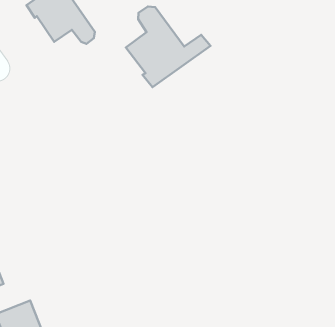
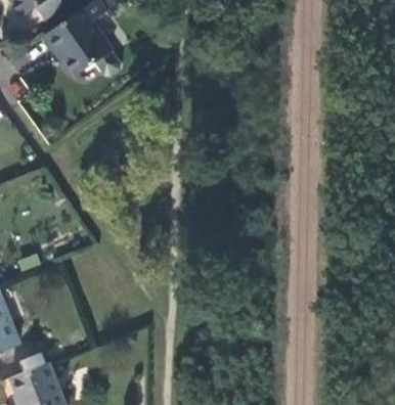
building: [126,6,211,87] -> none

